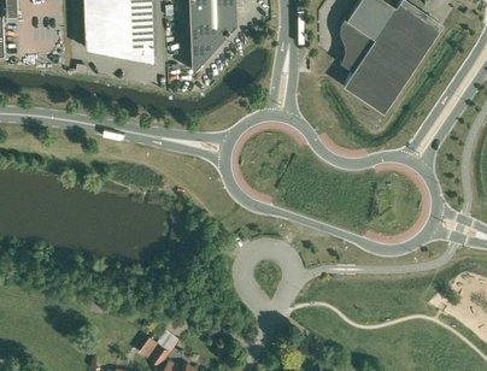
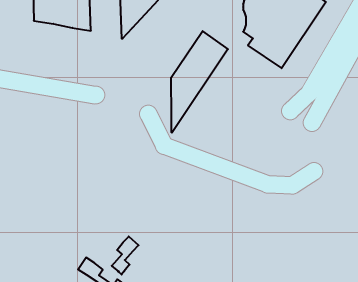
building: none -> [171,31,228,133]
building: none -> [112,236,139,275]

